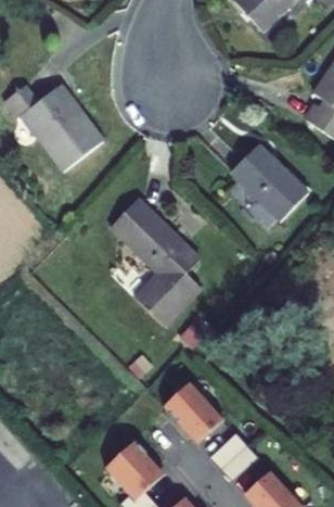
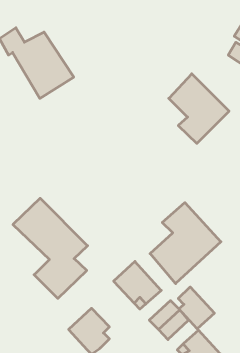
building: [106,198,202,326] -> [13,198,88,298]
building: none -> [150,203,221,284]
building: none -> [178,287,214,329]

